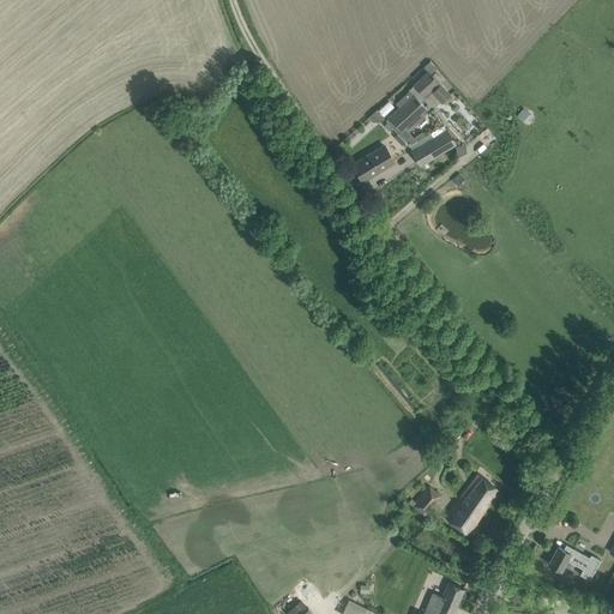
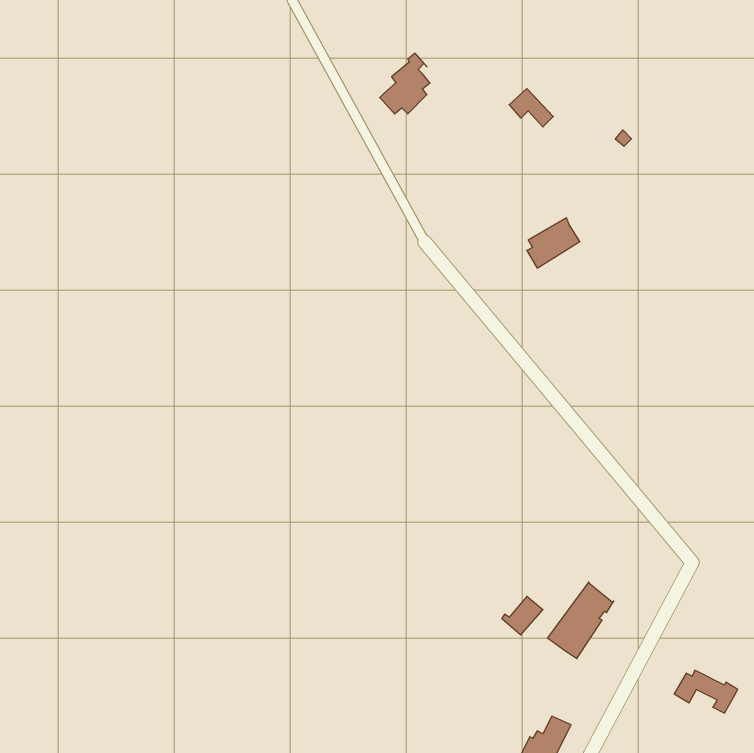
building: [385,86,426,136] -> [380,53,430,114]
building: [411,126,455,167] -> [527,218,580,268]
building: [353,149,395,182] -> none

